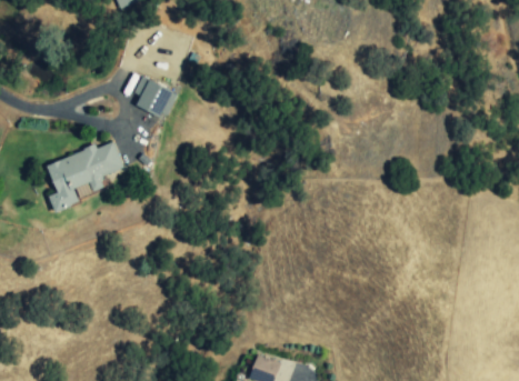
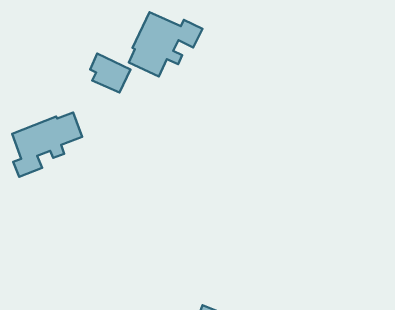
building: none -> [129,12,202,76]

